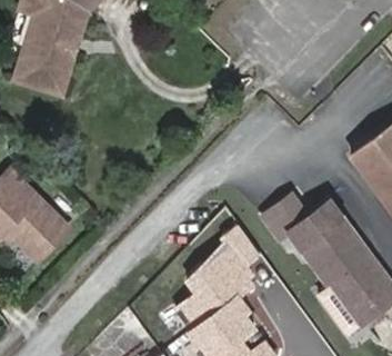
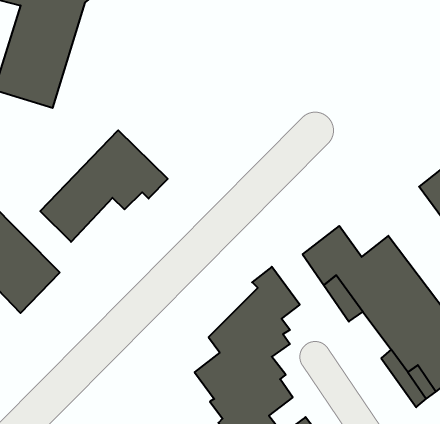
building: none -> [40,130,168,242]

